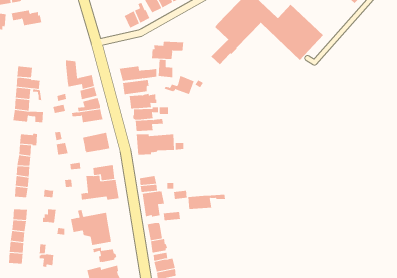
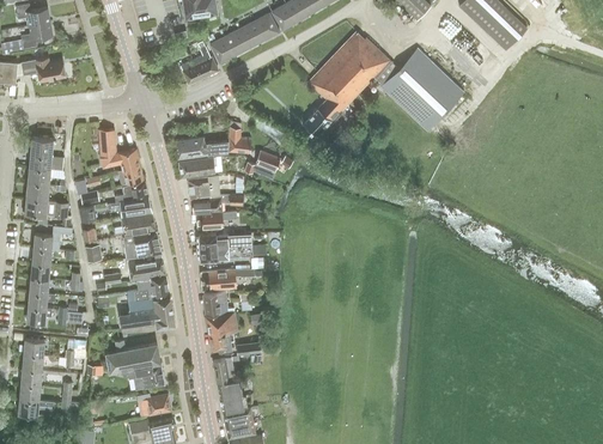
building: [151,41,184,60] -> none
building: none -> [121,214,156,235]
building: none -> [126,254,165,279]
building: [188,194,226,210] -> [201,268,255,290]

